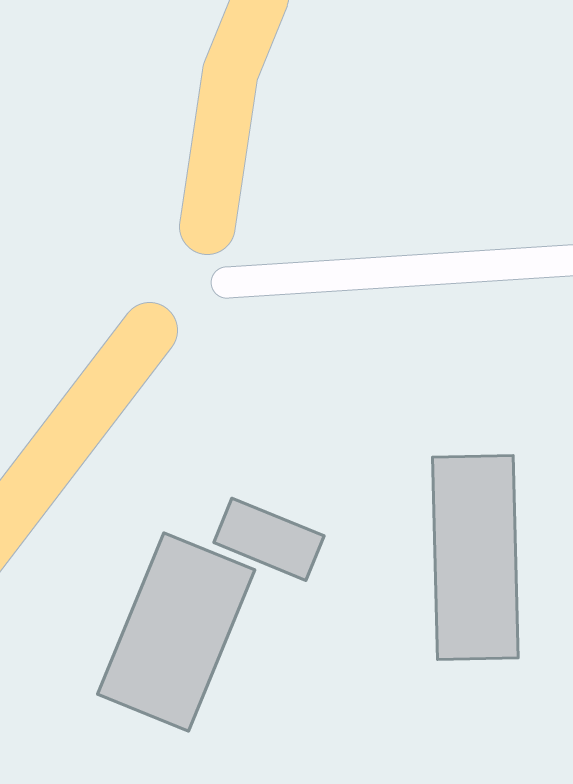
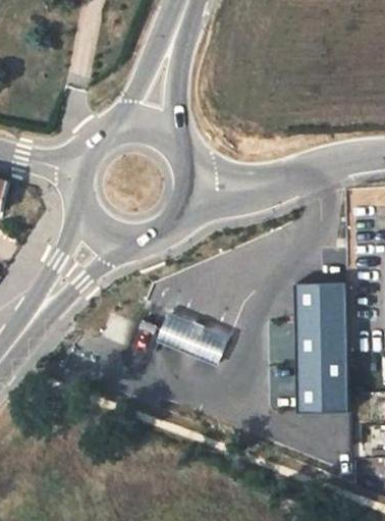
building: [97,533,255,731] -> none

